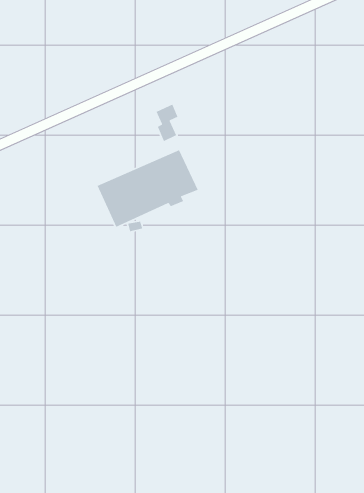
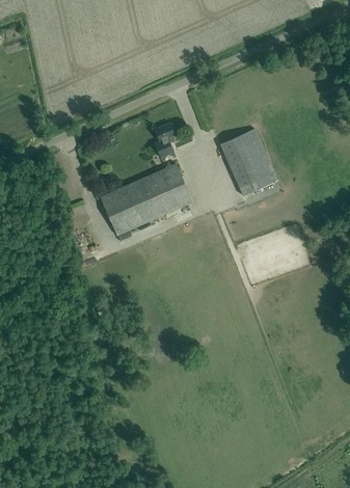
building: none -> [220,129,277,195]

